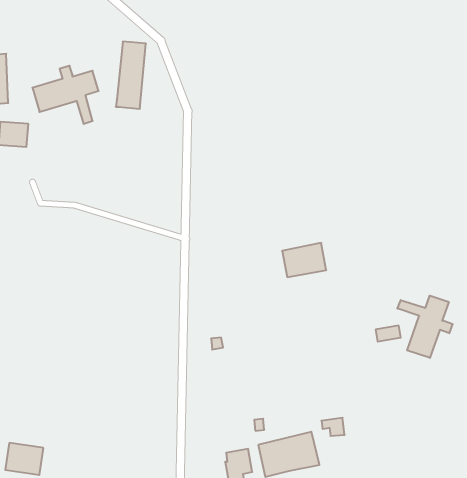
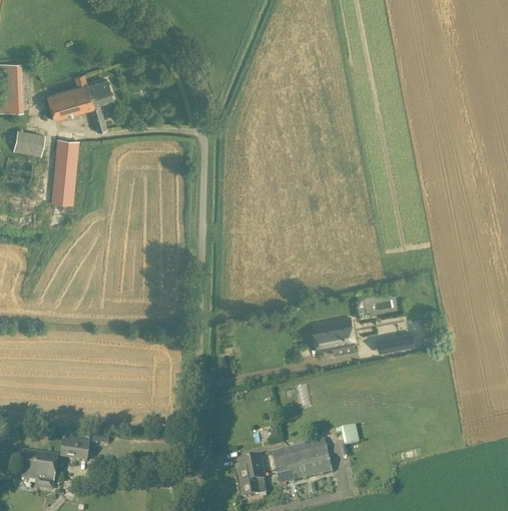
building: [116,42,146,109] -> [49,137,79,204]
building: [282,243,326,277] -> [312,317,356,351]
building: [397,296,453,358] -> none
building: none -> [59,437,89,462]

